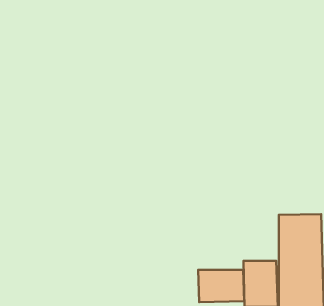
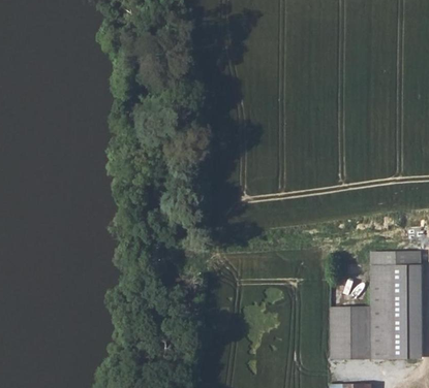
building: [198,270,244,302] -> none

